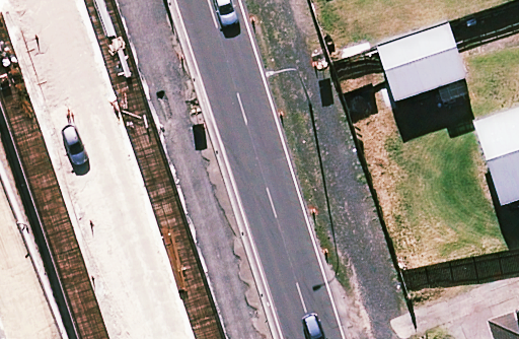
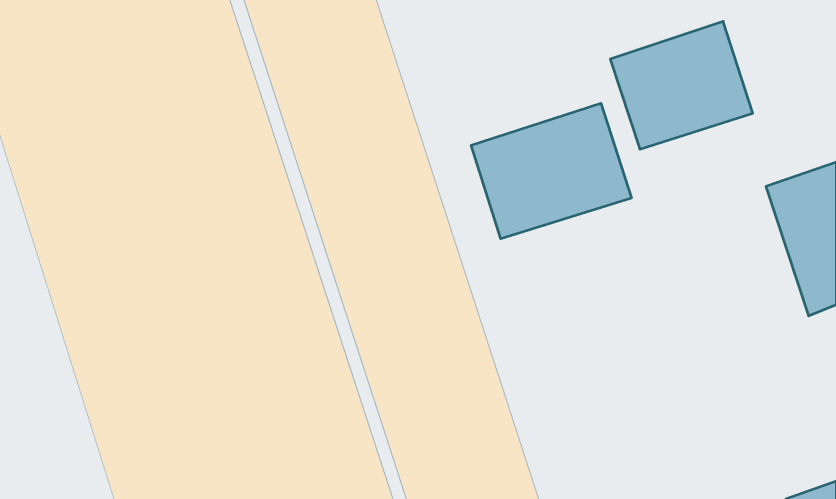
building: none -> [471,103,631,239]

